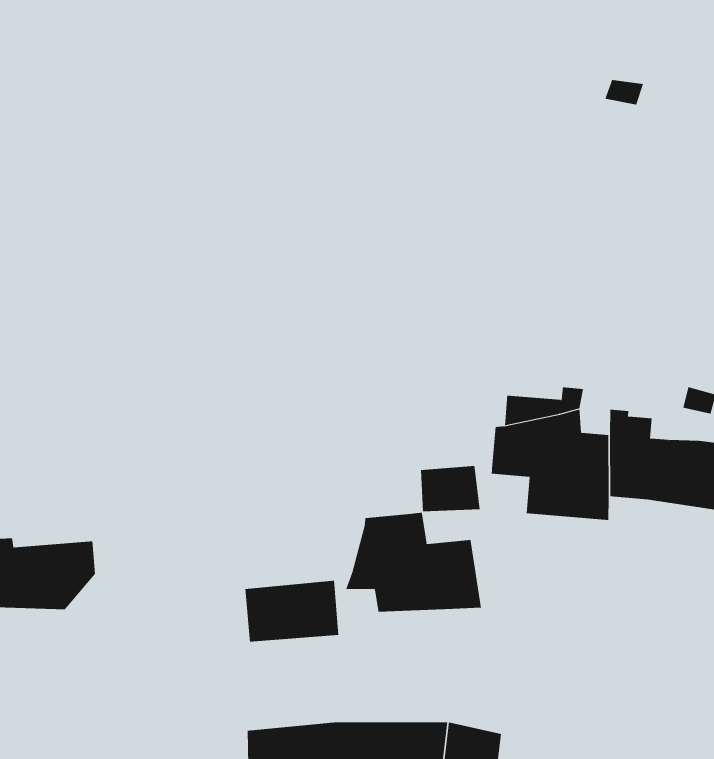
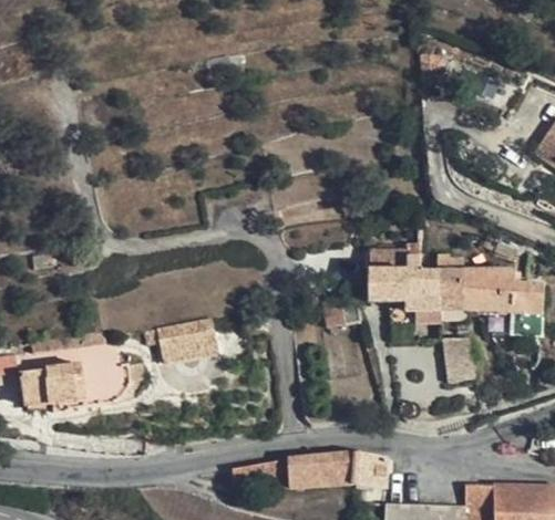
building: [346,512,482,612] -> none
building: none -> [442,337,476,383]
building: [245,580,339,642] -> [157,319,217,361]

